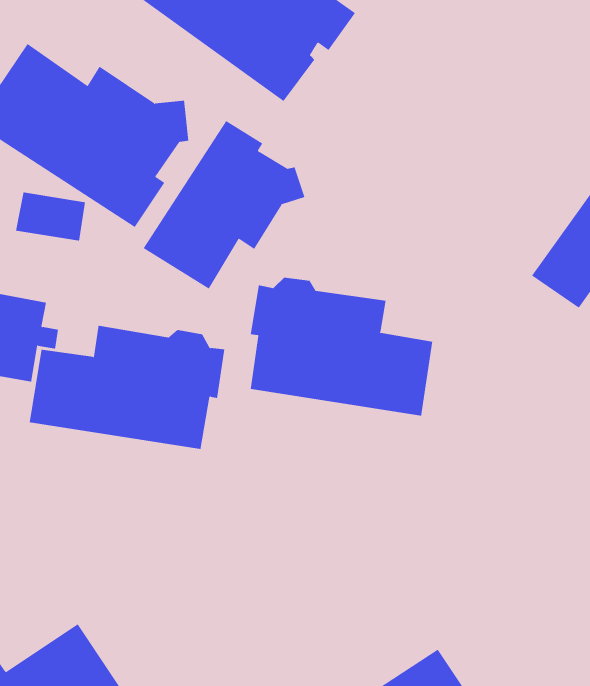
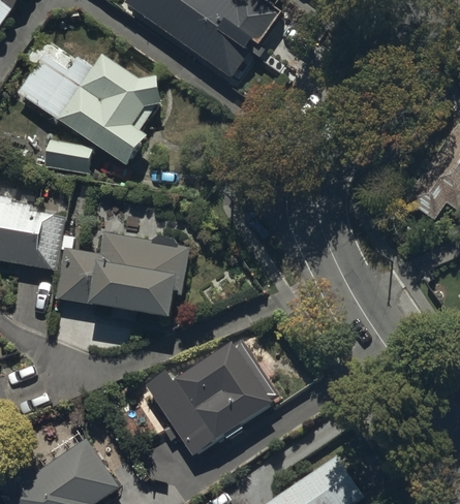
building: [143,120,305,289] -> none
building: [250,277,433,416] -> none
building: none -> [147,338,281,454]

